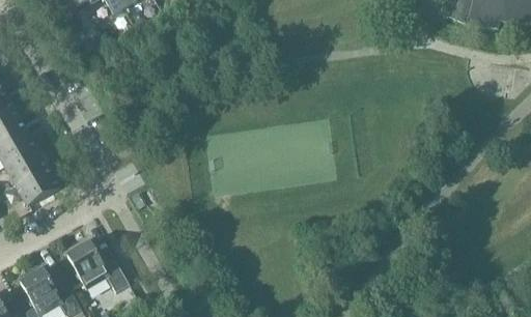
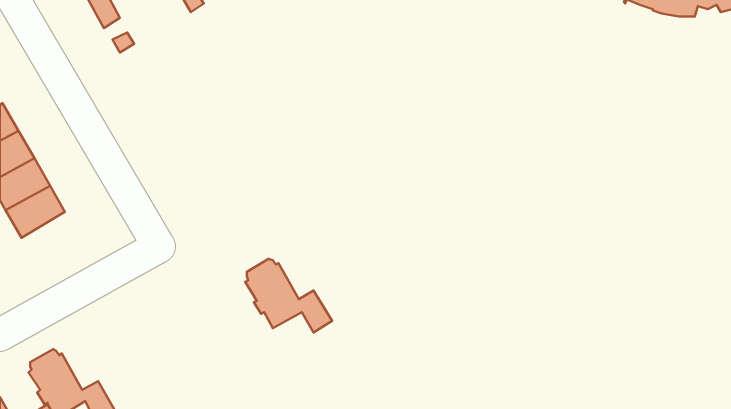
building: [16,167,58,205] -> none
building: [67,238,130,291] -> [245,259,332,333]

